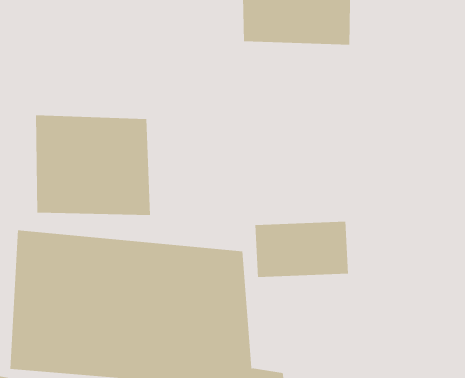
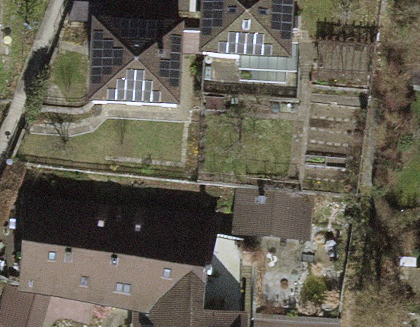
building: [35,115,151,215] -> [103,20,195,100]

